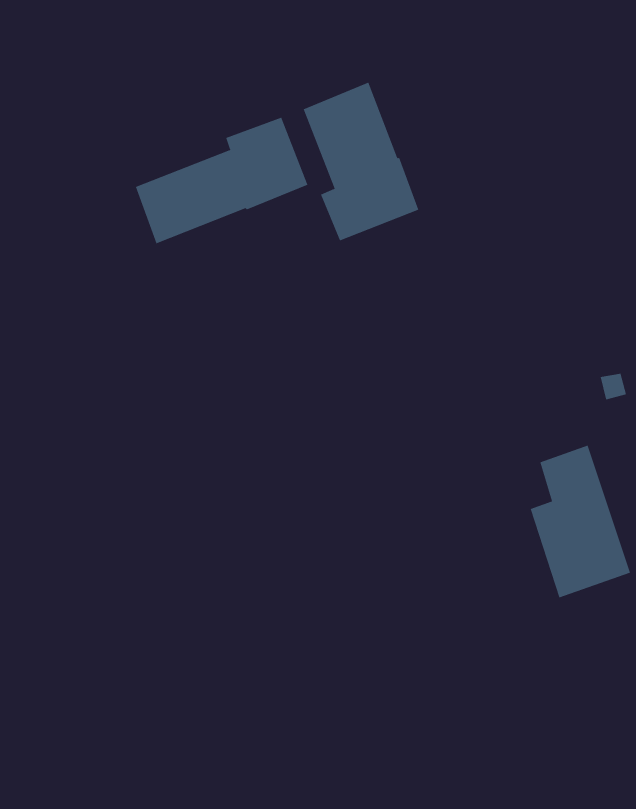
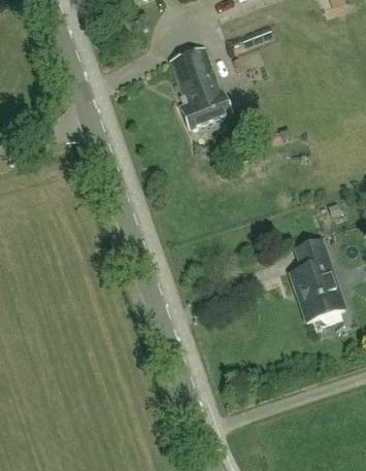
building: [135,117,308,244] -> none

